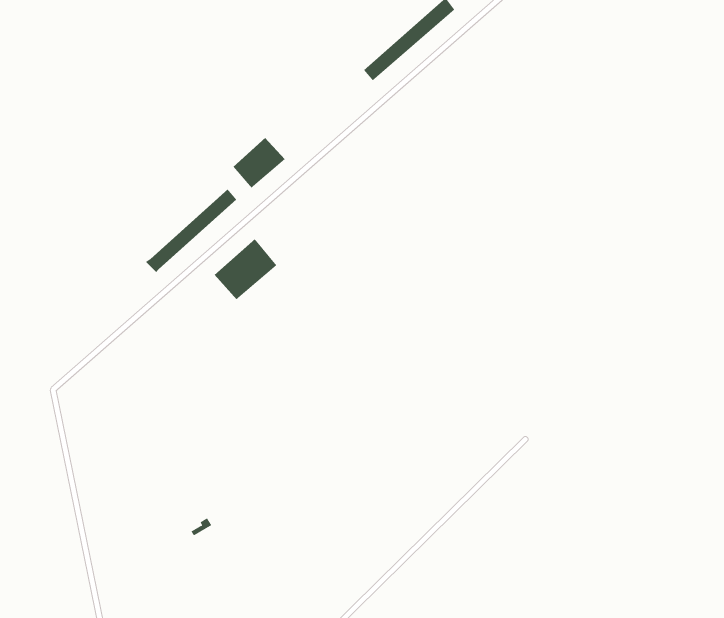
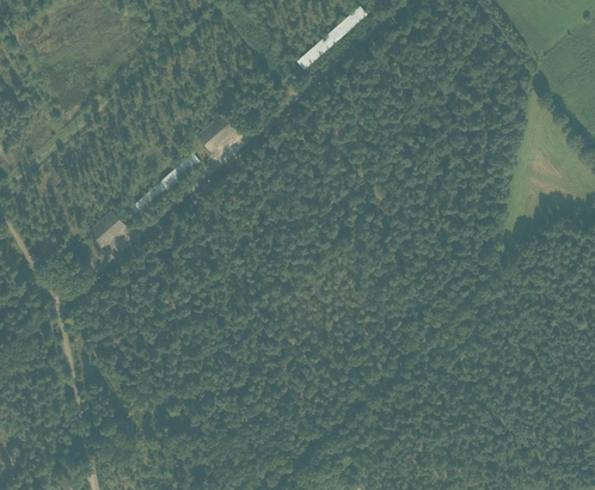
building: [214,238,277,300] -> none
building: none -> [86,210,125,250]

